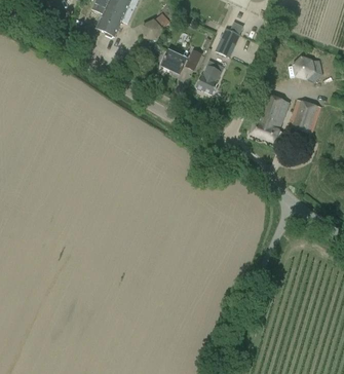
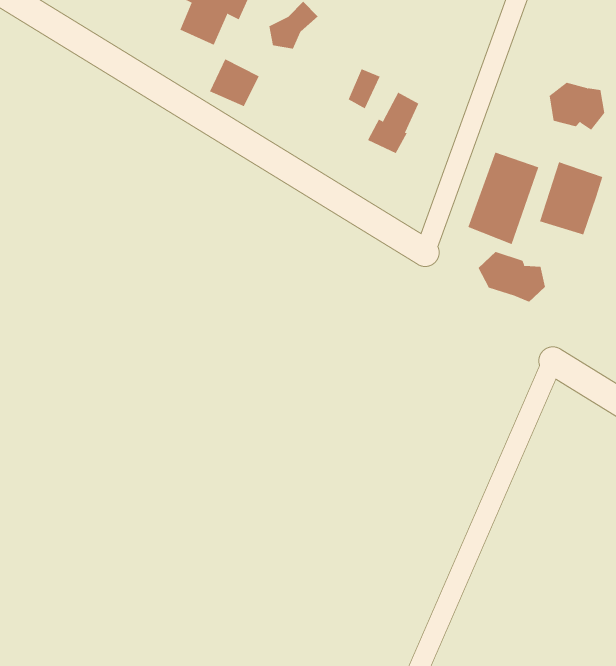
building: [215,27,241,58] -> none
building: [160,48,187,74] -> [209,59,260,107]
building: none -> [478,251,546,302]

